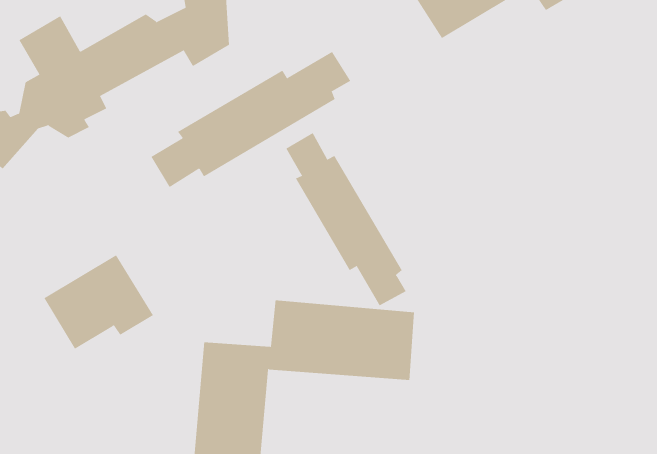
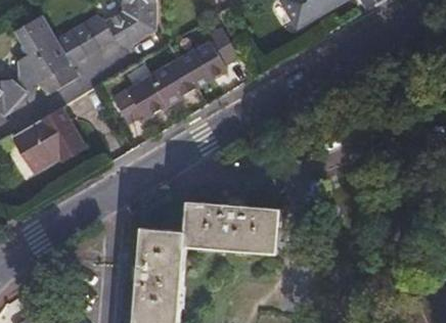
building: [285,132,406,306] -> none
building: [43,255,154,349] -> [11,110,84,173]

